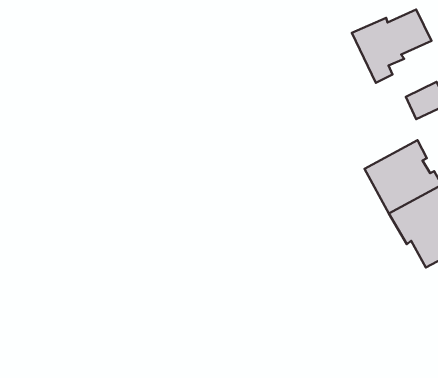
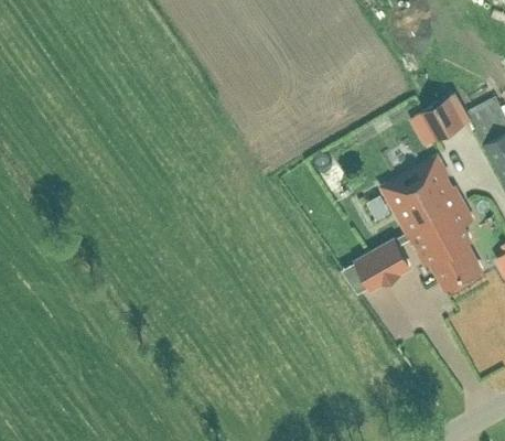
building: [352,9,432,83] -> none
building: none -> [357,243,410,290]

